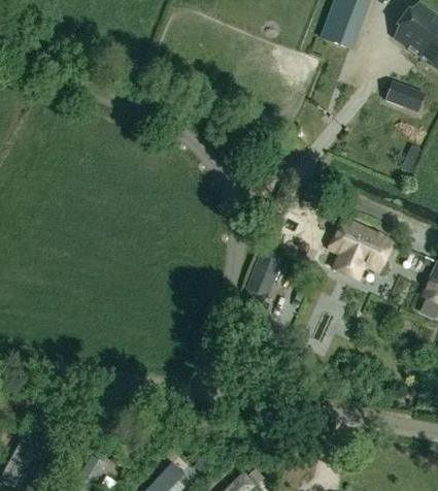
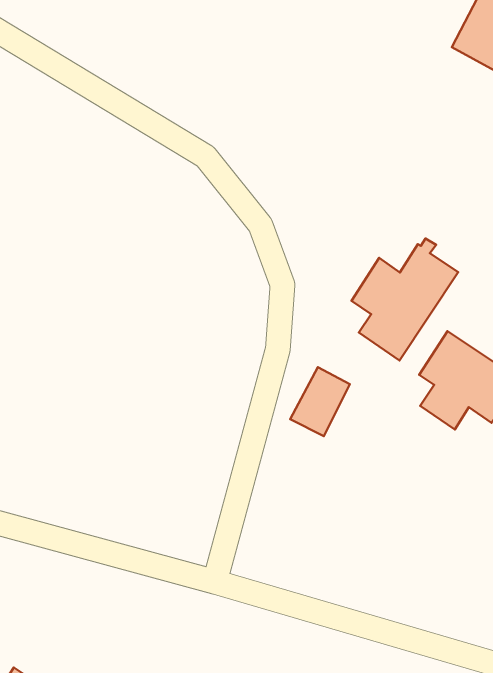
building: none -> [351,239,458,360]

